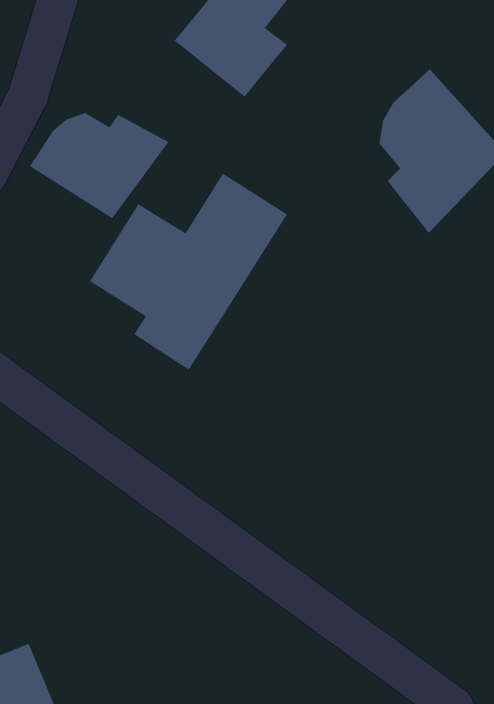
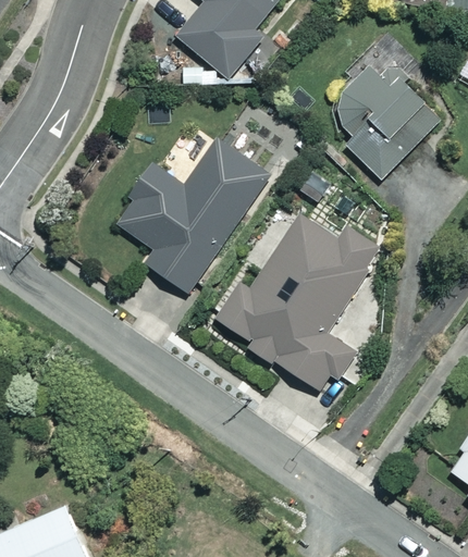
building: [29,112,169,219] -> none
building: none -> [215,211,383,391]

